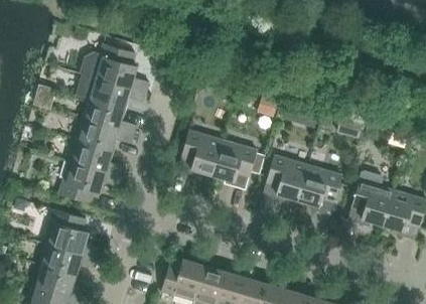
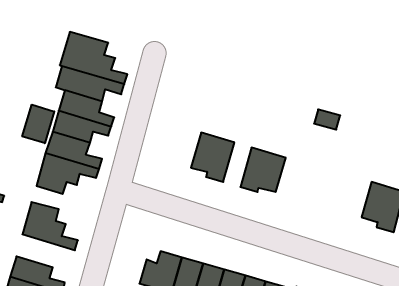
building: none -> [22,105,54,143]
building: [177,131,224,176] -> none
building: [298,166,342,215] -> none
building: [348,172,394,225] -> none
building: [39,243,98,276] -> none

